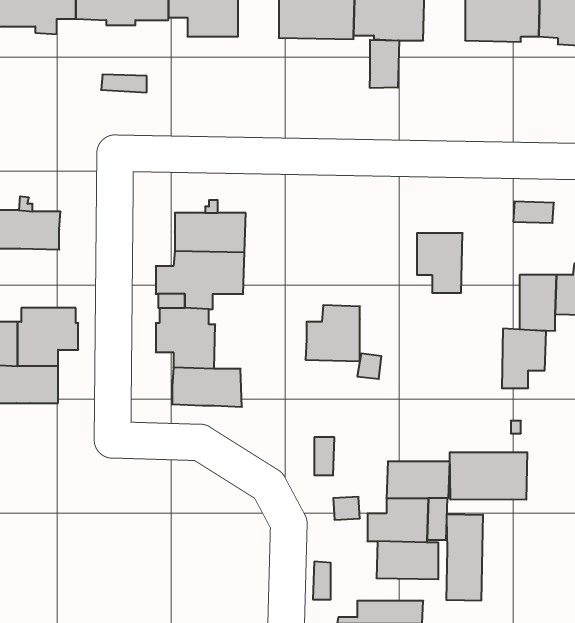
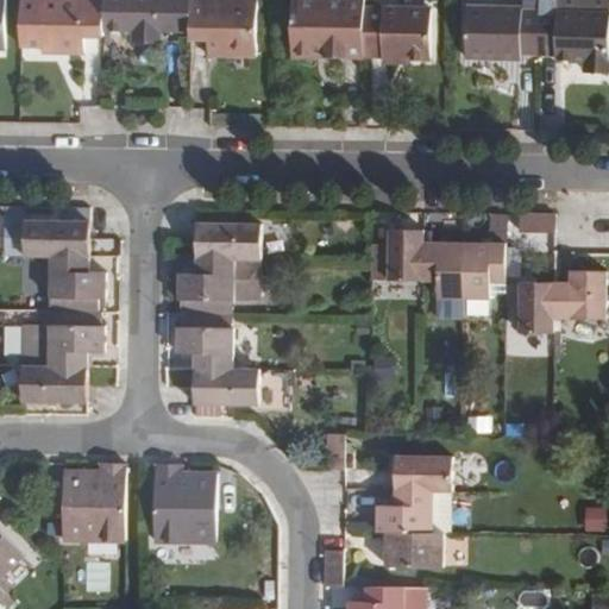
building: [370,40,399,88] -> none
building: none -> [48,255,103,308]
building: [305,305,360,361] -> [370,227,421,280]
building: [502,329,546,388] -> [463,240,504,296]
building: [450,452,527,500] -> none
building: none -> [62,463,124,540]
building: none -> [152,464,214,542]
building: [446,514,483,601] -> none

